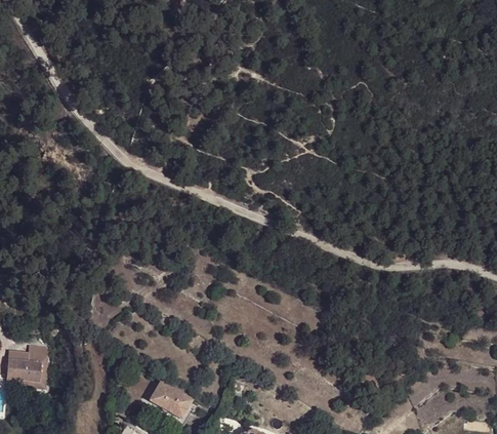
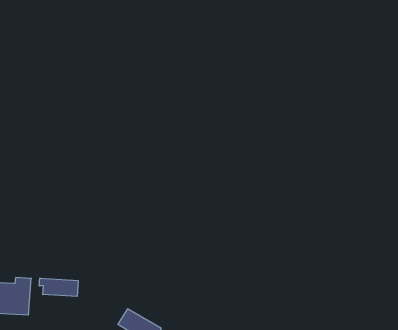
building: none -> [39,278,78,296]

